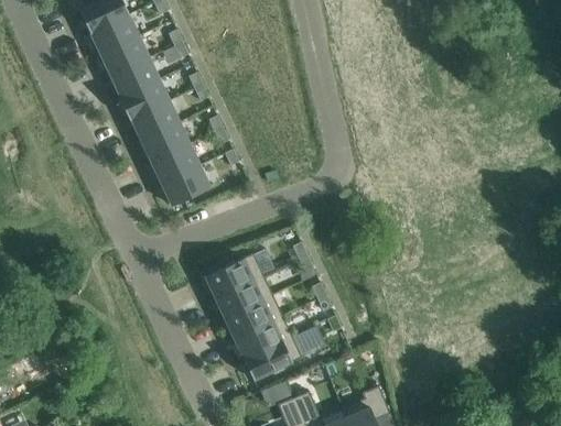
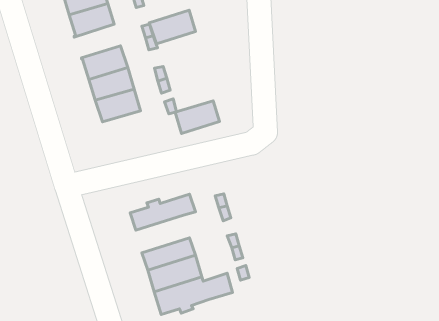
building: [118,78,169,119] -> [149,10,196,44]
building: [161,166,209,206] -> [175,101,219,134]
building: [213,271,271,317] -> none

